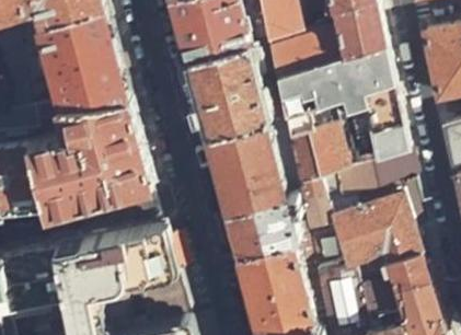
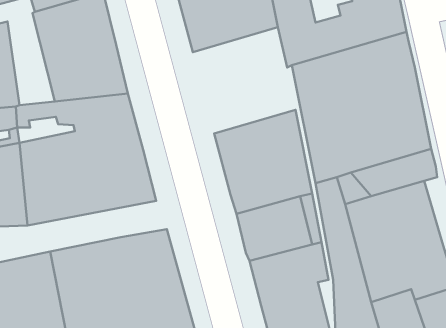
building: [185,43,280,141] -> none

